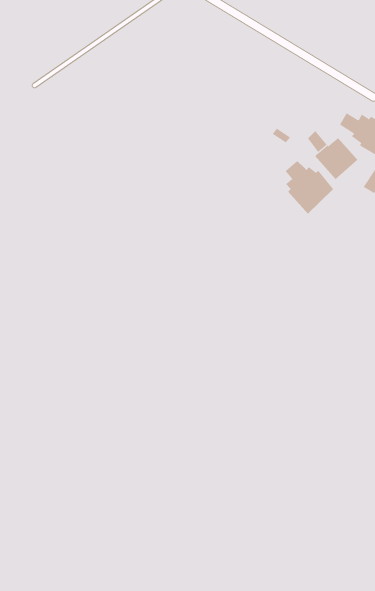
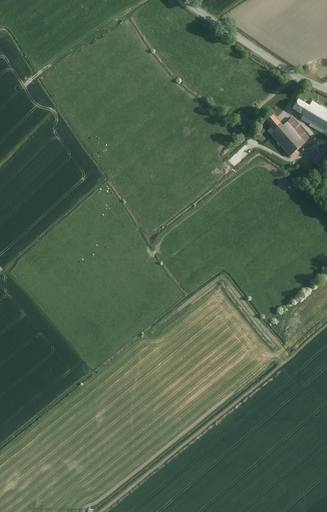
building: [285,160,334,215] -> none

